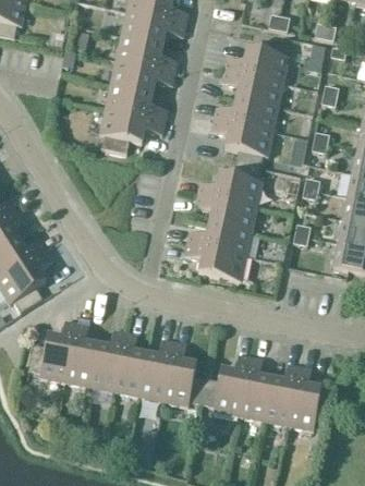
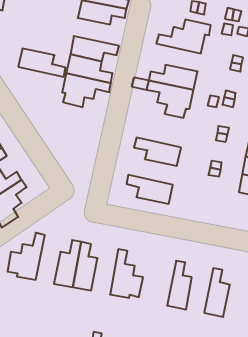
building: [115,37,178,74] -> [18,49,65,77]
building: [222,71,283,108] -> none
building: [198,163,263,208] -> none
building: [187,223,252,257] -> none
building: [65,324,98,388] -> none
building: [138,340,174,402] -> none
building: [202,355,251,416] -> none
building: [264,364,300,426] -> none

